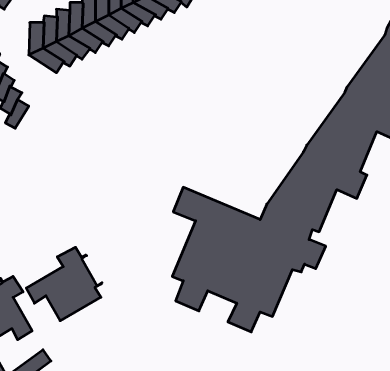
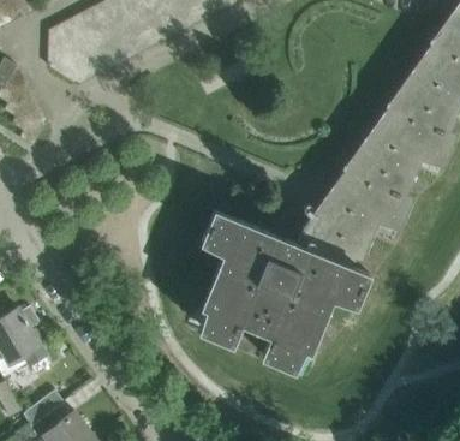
building: [26,247,102,321] -> none

